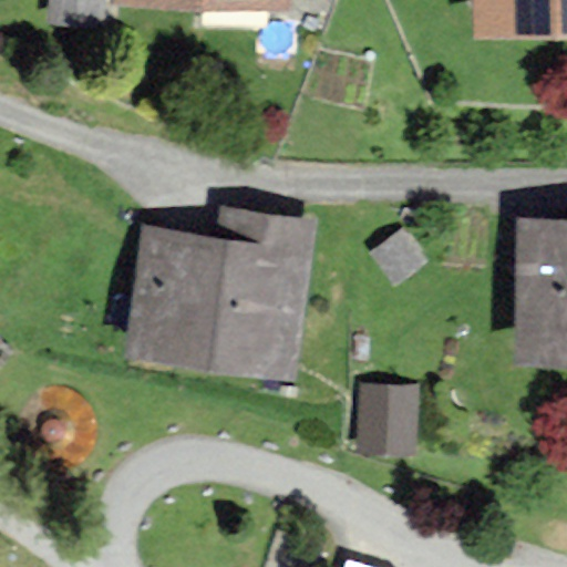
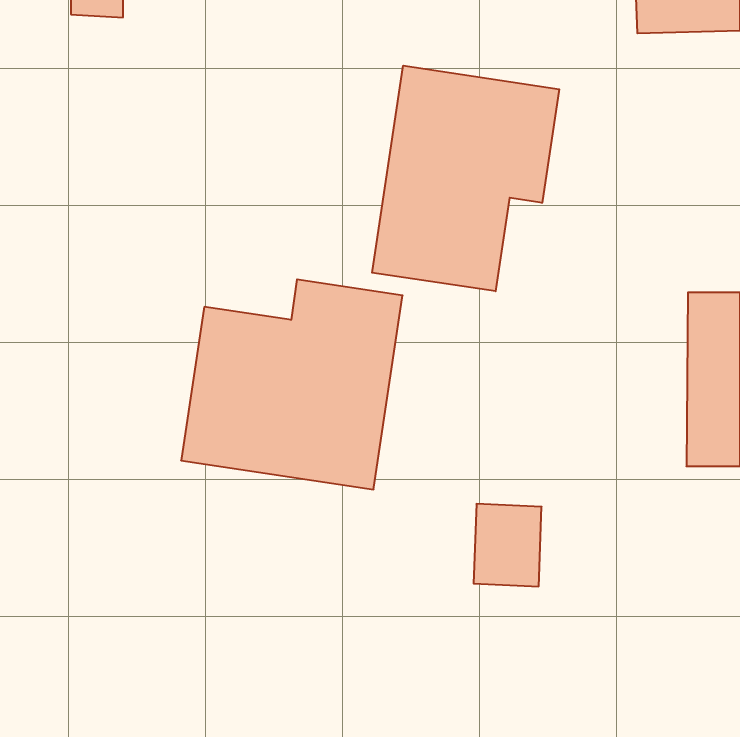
building: none -> [372,66,559,291]

